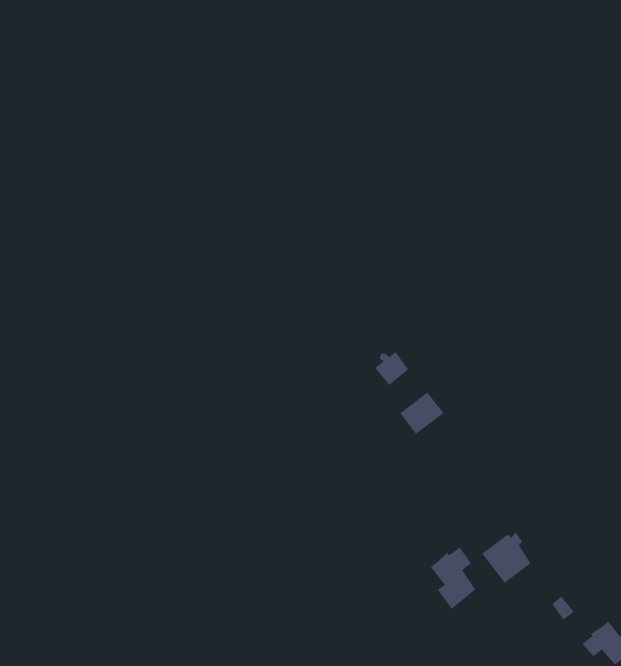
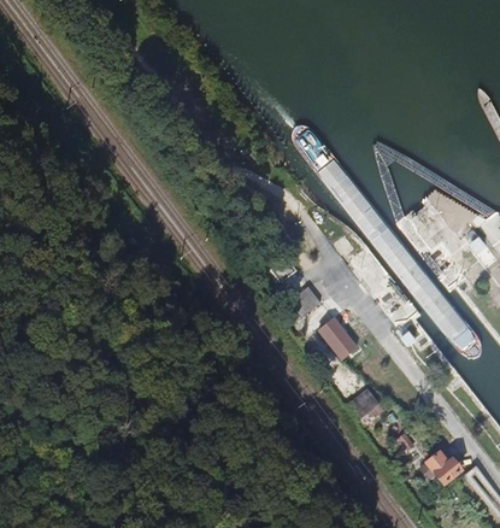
building: none -> [318,316,357,358]
building: [430,546,476,610] -> none

